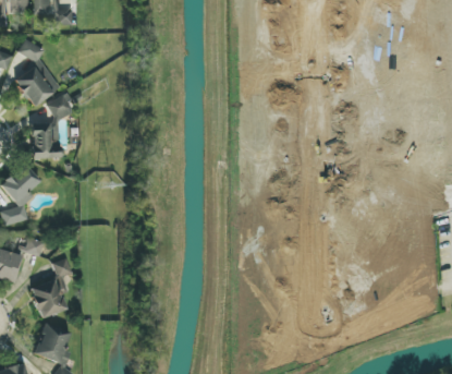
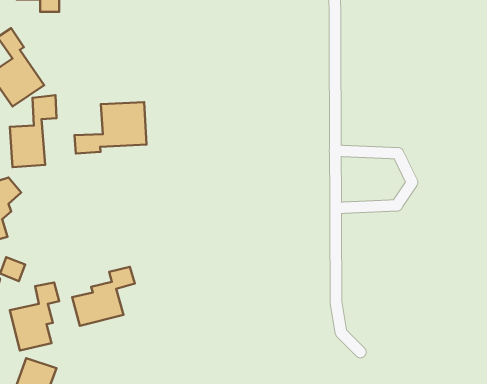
building: none -> [74,102,147,153]
building: none -> [72,267,135,326]

